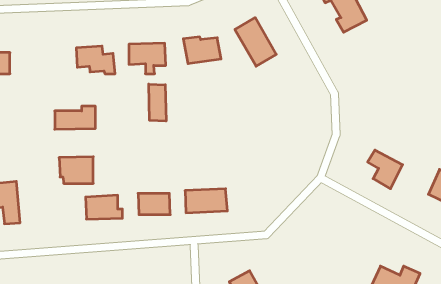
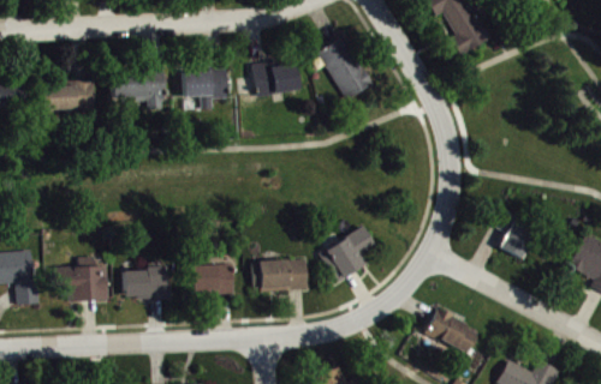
building: [149,84,166,121] -> none
building: [55,106,95,129] -> [42,80,95,110]
building: [59,157,93,183] -> [64,266,108,301]
building: none -> [320,226,379,283]
building: none -> [426,310,481,354]

